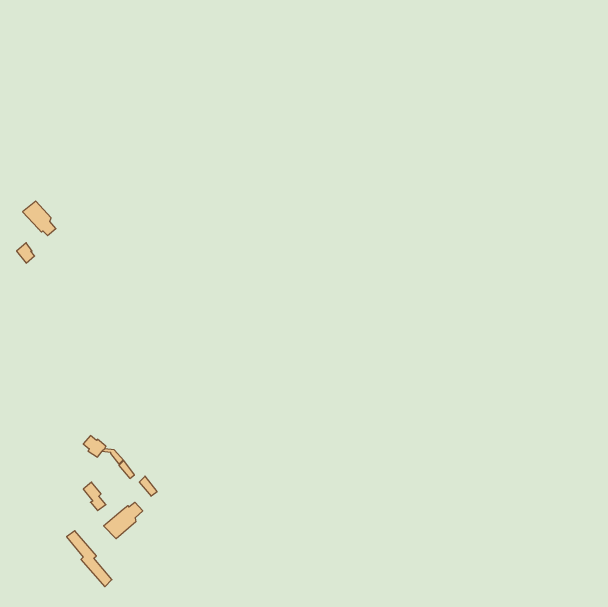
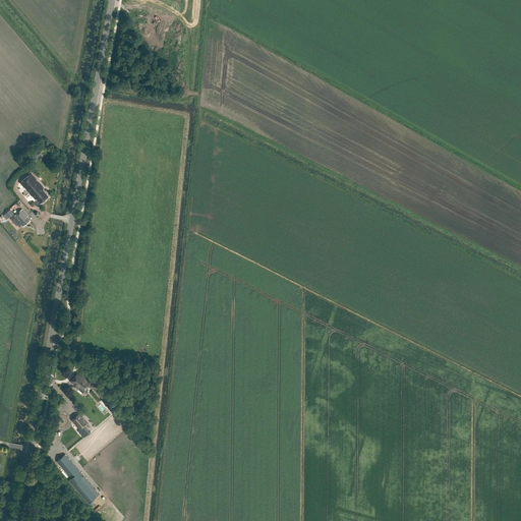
building: [104,502,143,539] -> none

